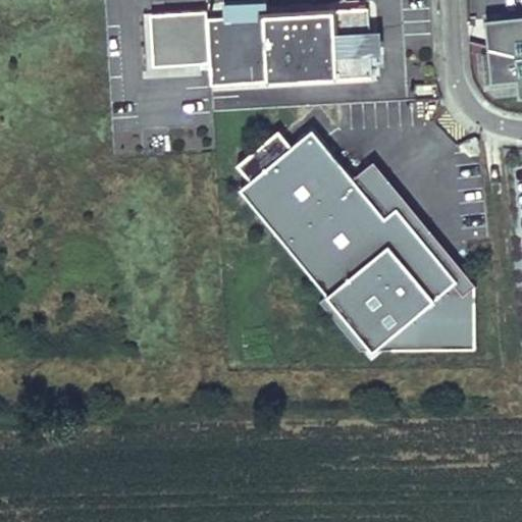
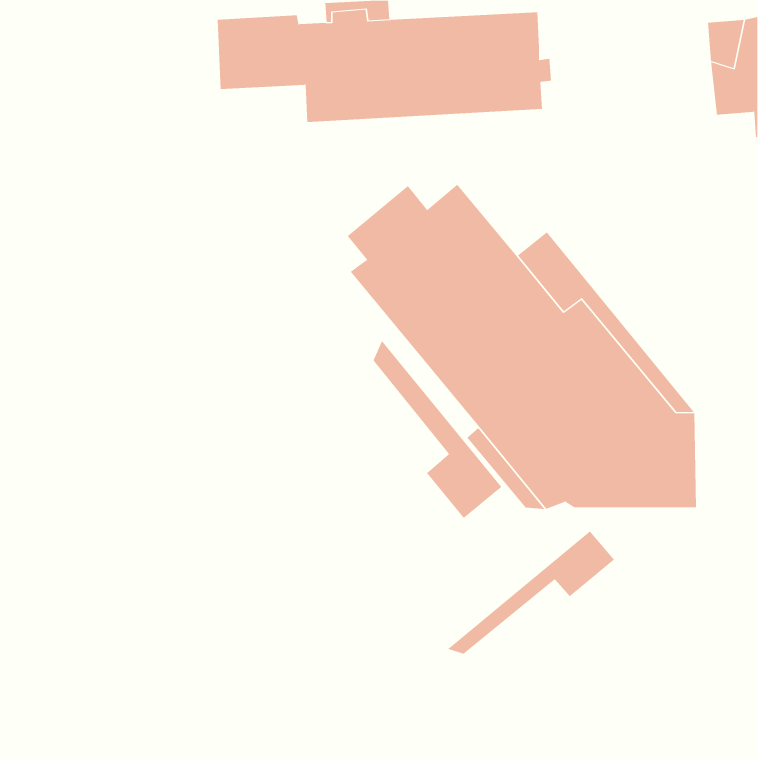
building: none -> [373,340,502,519]
building: none -> [447,530,615,654]

